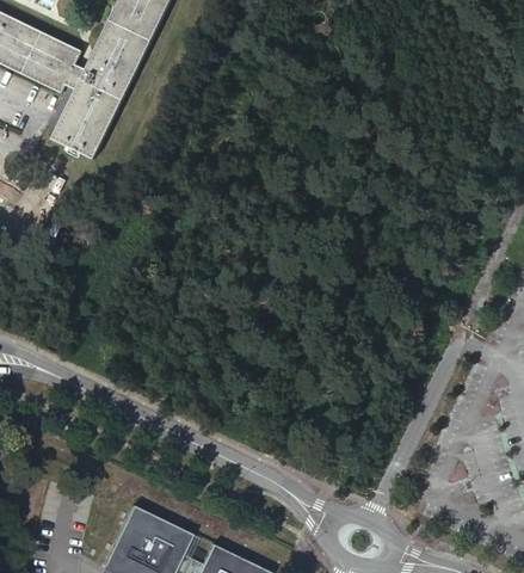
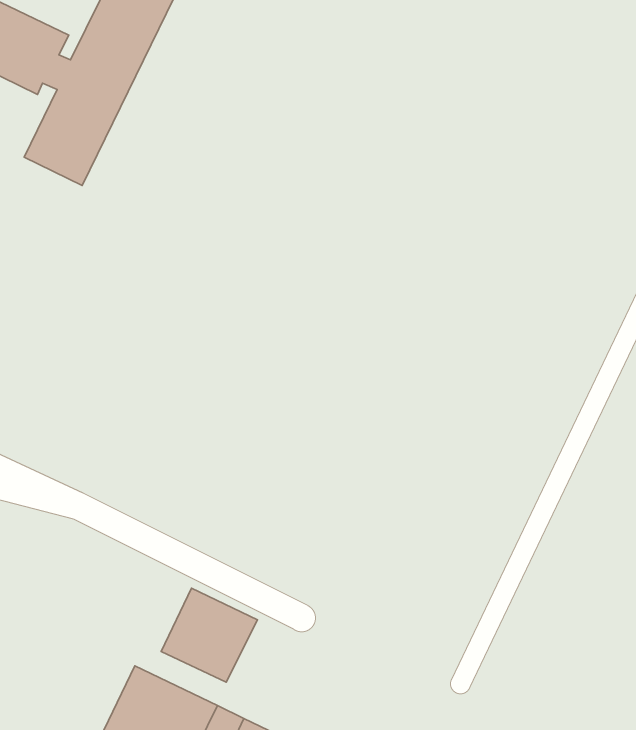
building: none -> [161,588,258,682]

